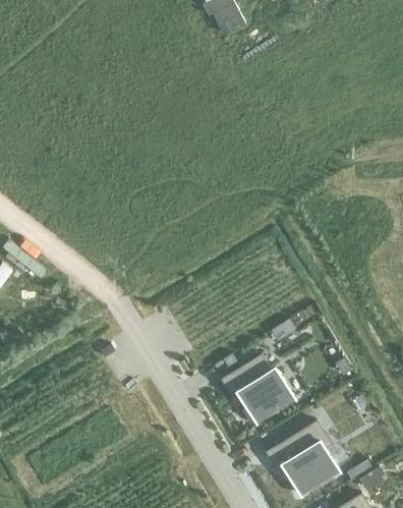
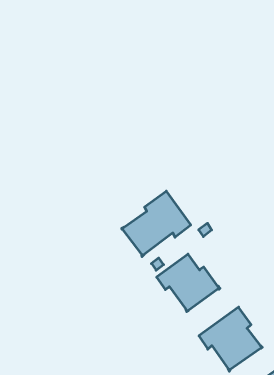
building: none -> [122,191,191,257]

